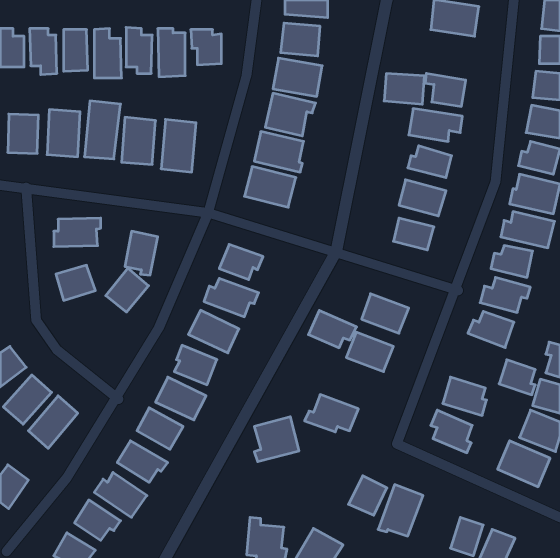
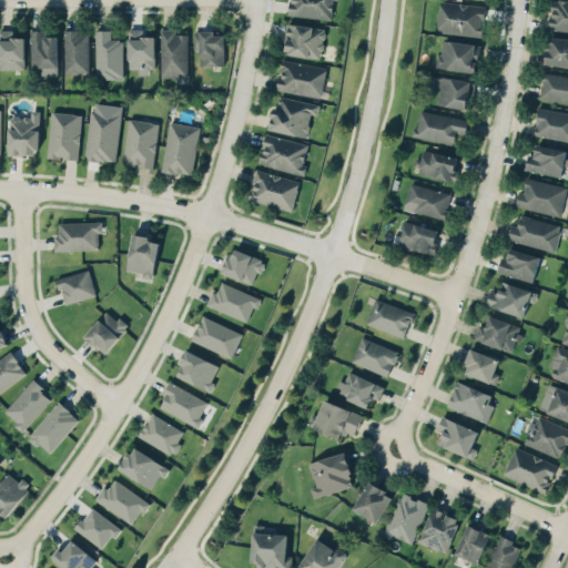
building: [384,74,425,104] -> [438,42,479,73]
building: [106,268,149,312] -> [84,311,128,355]
building: [308,310,357,348] -> [336,372,385,409]
building: [499,360,535,395] -> [463,351,499,386]
building: [254,417,299,462] -> [310,454,355,499]
building: none -> [418,508,460,555]

